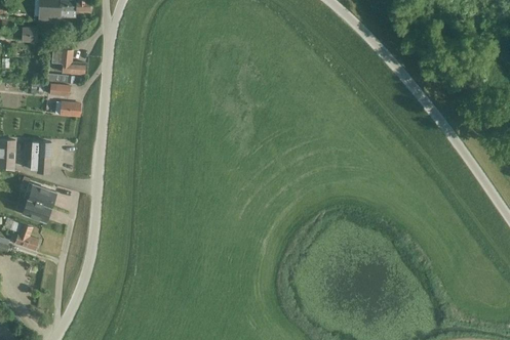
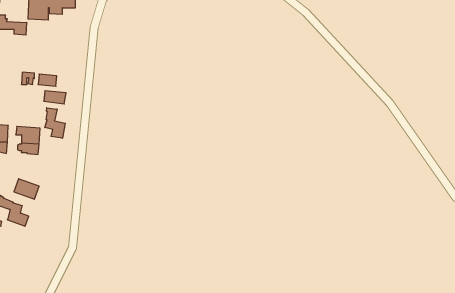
building: [49,46,85,74] -> none
building: none -> [45,108,65,138]
building: [28,183,55,206] -> none

